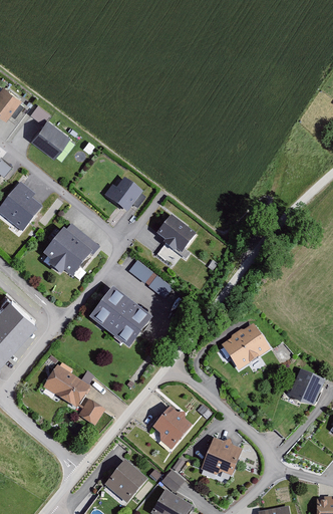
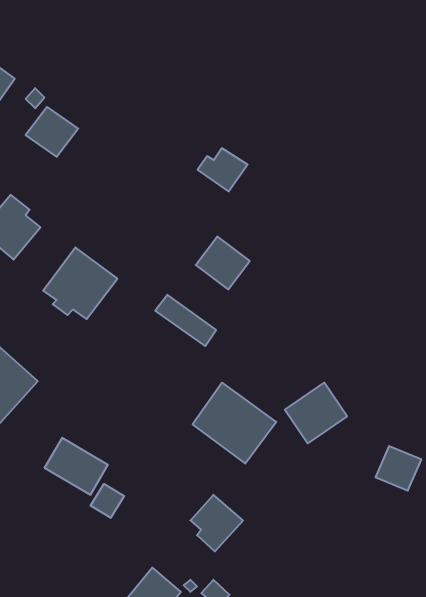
building: [105,180,142,212] -> [198,148,248,191]
building: [90,288,152,348] -> [193,383,276,464]
building: [202,439,241,475] -> none

